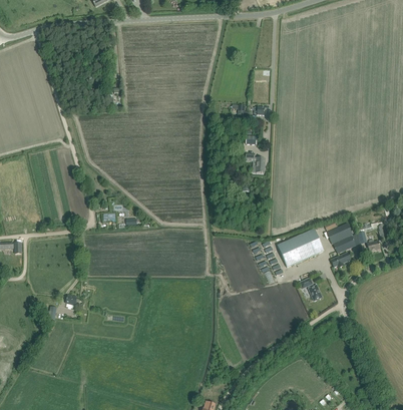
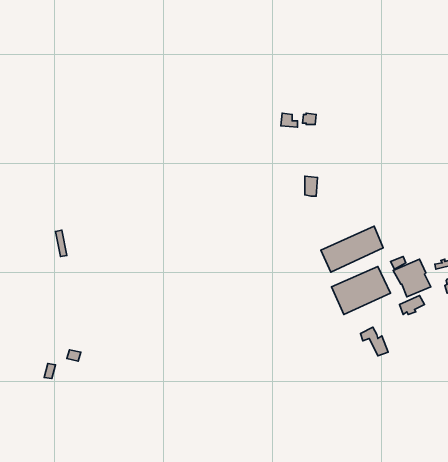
building: none -> [321,226,383,272]

